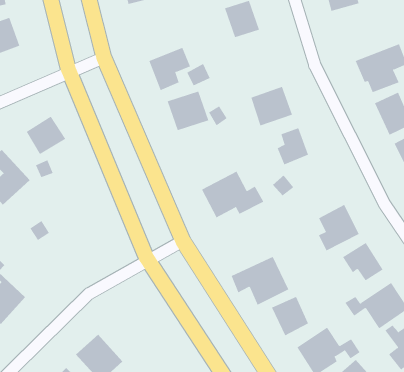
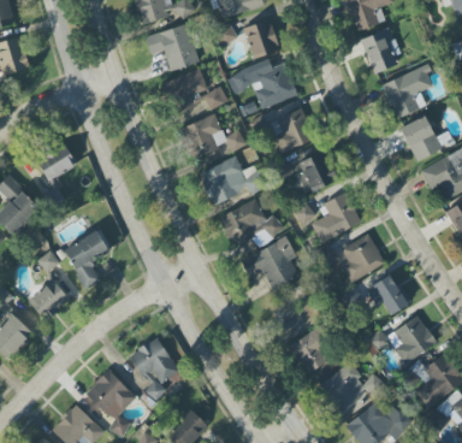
building: none -> [144,24,197,70]
building: none -> [361,29,397,73]
building: none -> [226,60,296,108]
building: none -> [197,156,262,205]
building: none -> [312,194,357,241]
building: none -> [64,231,107,289]
building: none -> [28,273,75,321]
building: [231,256,289,306] -> [241,238,302,290]
building: none -> [129,337,179,404]

